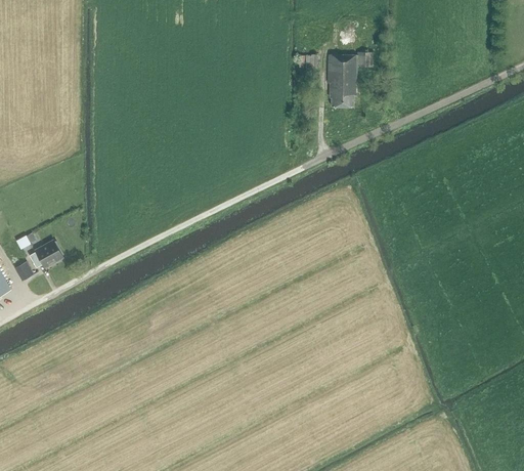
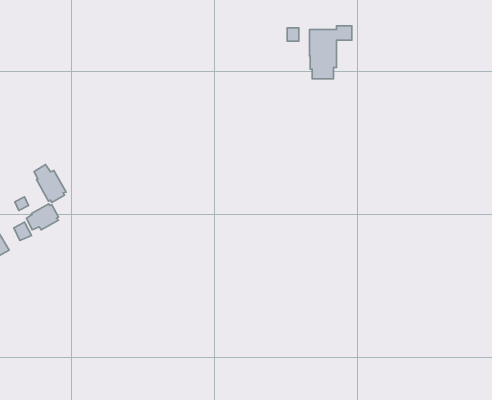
building: none -> [34,164,66,202]

